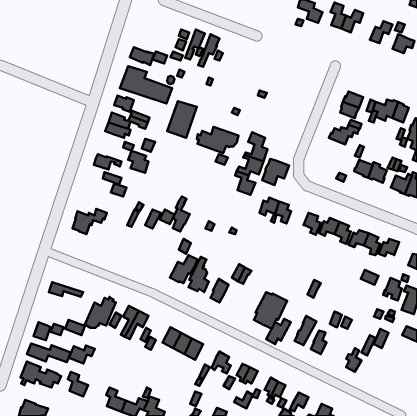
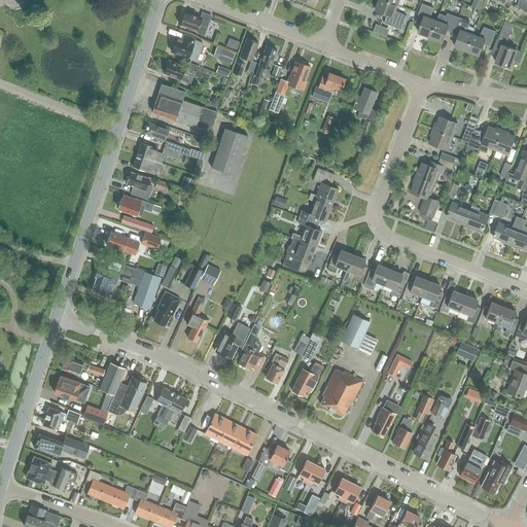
building: none -> [179,11,211,35]
building: none -> [454,16,475,50]
building: none -> [171,34,204,60]
building: none -> [271,60,310,104]
building: none -> [312,72,345,102]
building: none -> [352,86,377,140]
building: [197,127,239,153] -> none
building: none -> [411,174,440,217]
building: [128,151,149,173] -> [127,172,152,200]
building: [262,159,289,185] -> [282,238,316,271]
building: none -> [106,232,139,253]
building: [173,196,190,231] -> [187,296,209,341]
building: none -> [364,264,389,289]
building: none -> [136,272,161,301]
building: none -> [153,291,180,325]
building: none -> [340,313,370,348]
building: [383,278,402,301] -> [494,306,518,335]
building: none -> [99,361,125,394]
building: none -> [54,375,90,401]
building: [266,319,291,344] -> [291,363,322,395]
building: none -> [413,421,436,458]
building: [69,345,95,363] -> [105,485,138,507]
building: none -> [460,449,487,482]
building: none -> [481,460,512,493]

